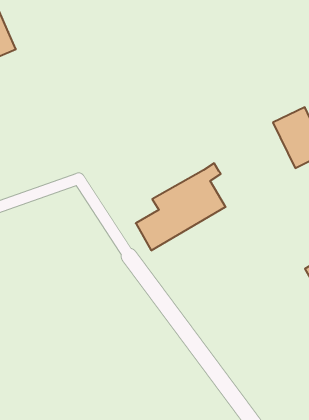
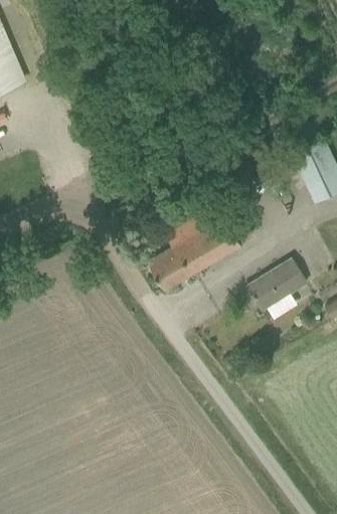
building: none -> [247,260,308,312]

